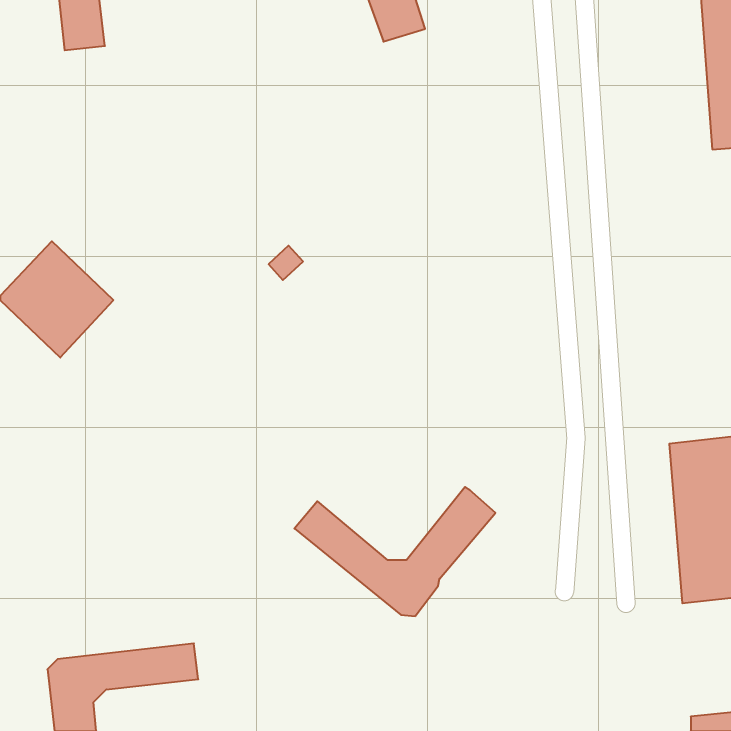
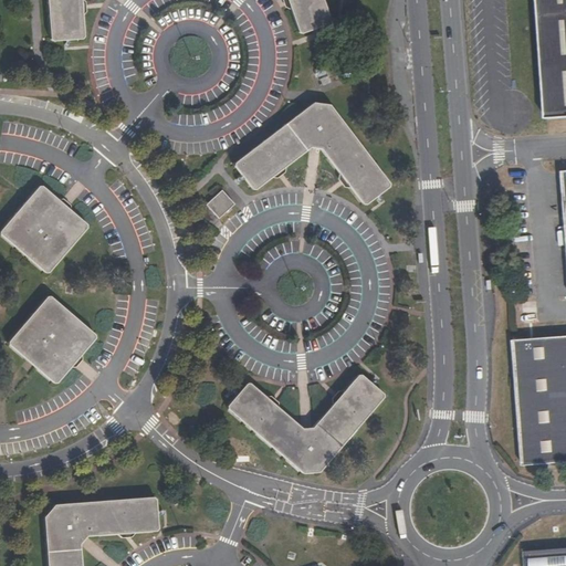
building: none -> [232,102,384,200]
building: none -> [8,297,97,381]

